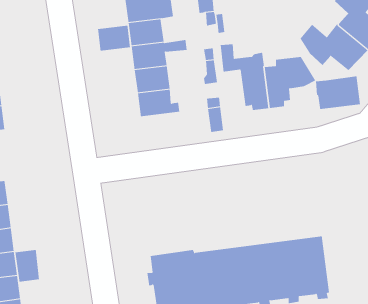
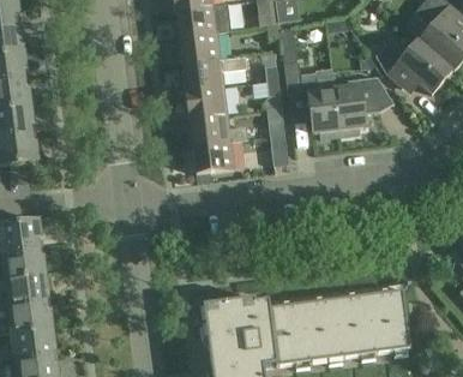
building: [98,25,131,52] -> none
building: [315,75,361,110] -> none
building: none -> [192,139,245,173]
building: [15,249,40,282] -> none

